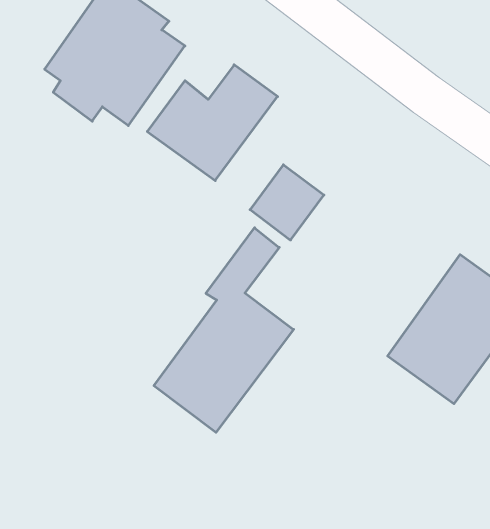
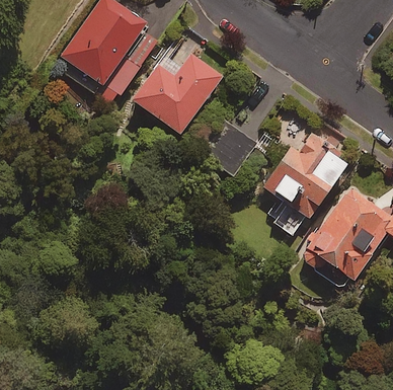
building: none -> [263,131,346,234]
building: [154,228,294,432] -> none

